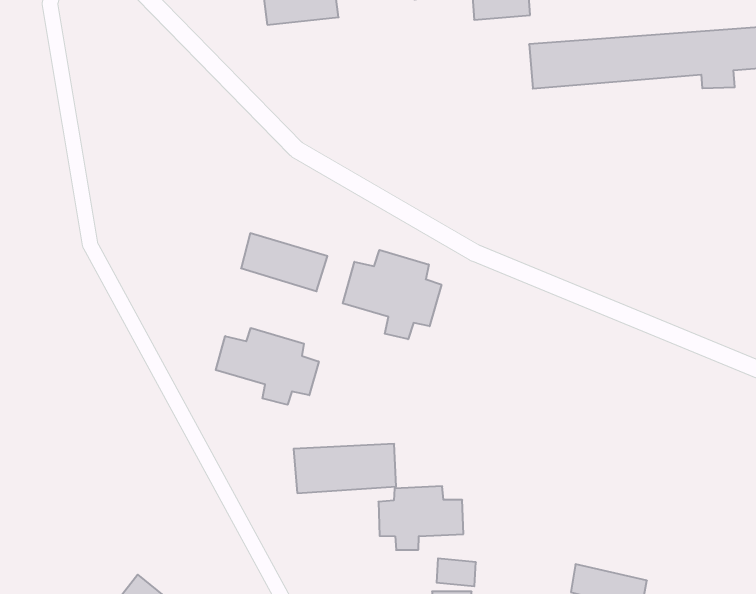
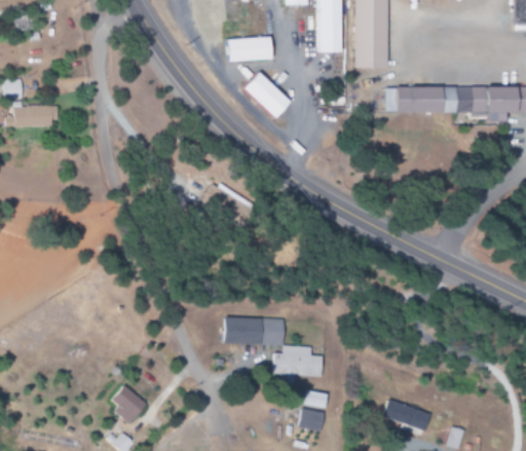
building: none -> [245,72,292,118]
building: [343,250,441,339] -> none
building: [216,328,319,405] -> none

